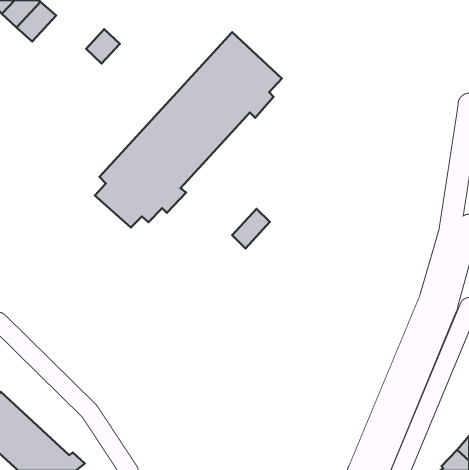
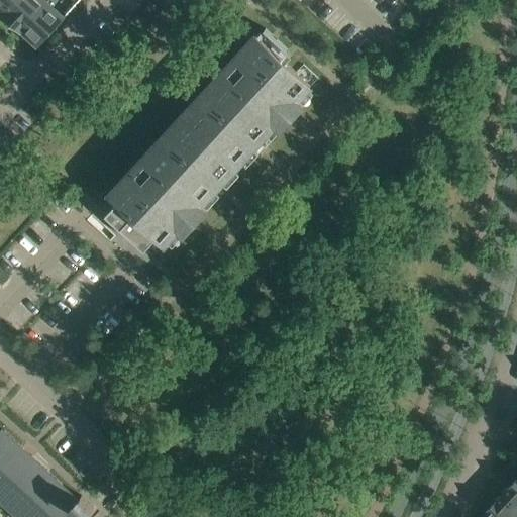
building: [86,29,120,64] -> none
building: [232,209,270,248] -> none

